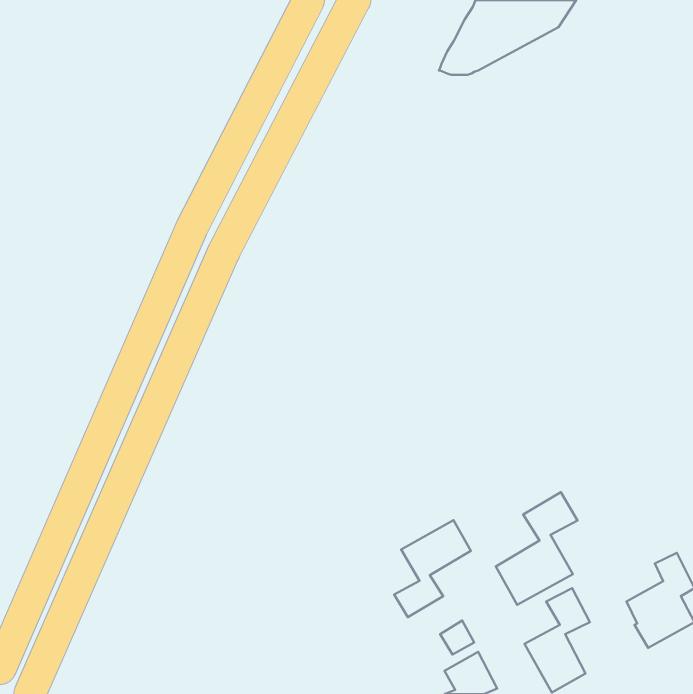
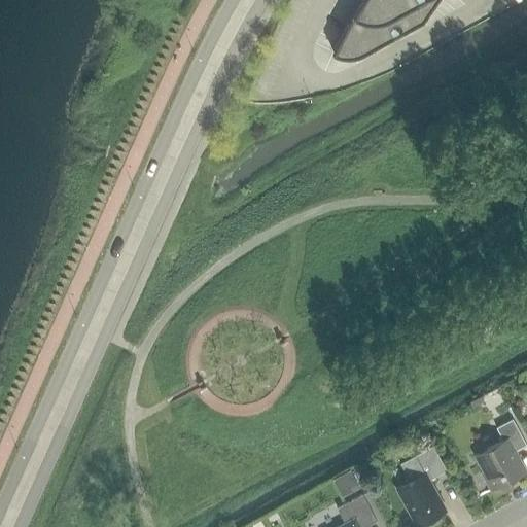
building: [496,492,577,605] -> none
building: [394,520,471,617] -> none

